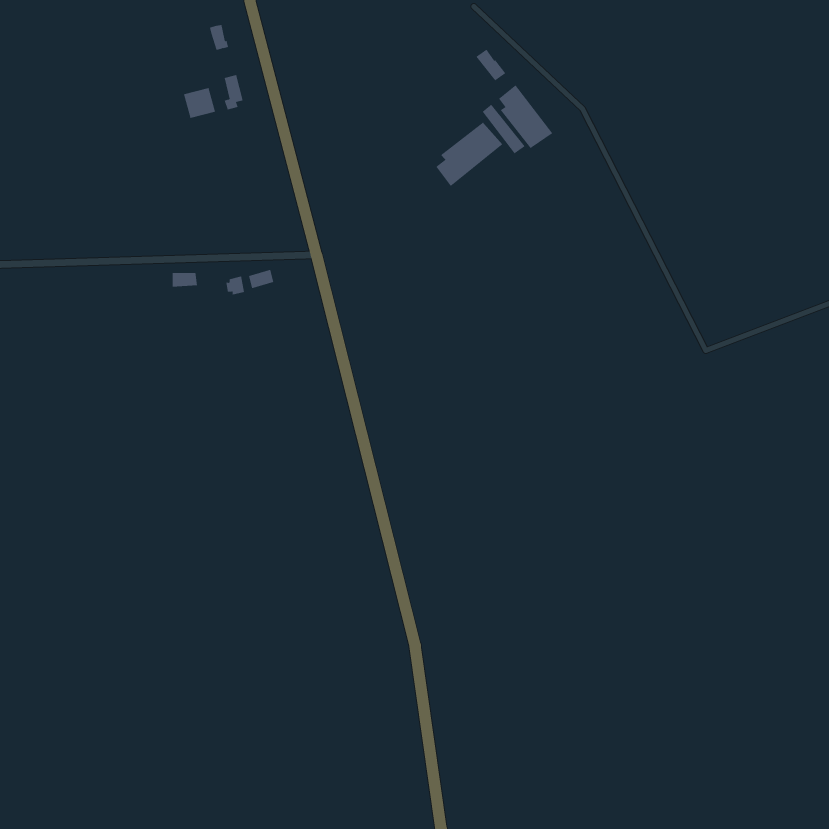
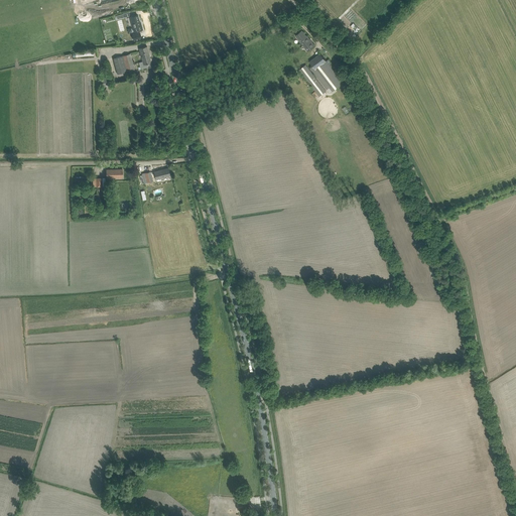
building: [436,121,503,187] -> none

